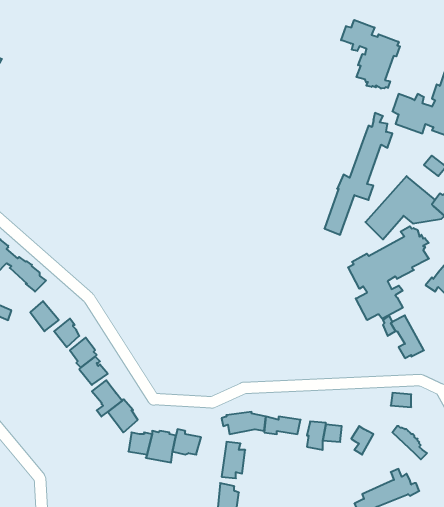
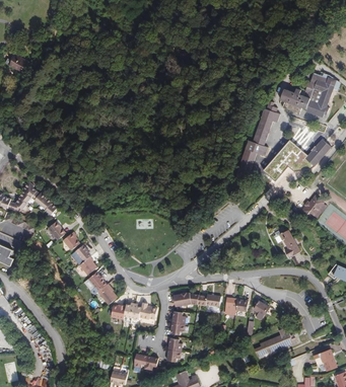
building: [341,20,400,89] -> none
building: [348,226,429,320] -> none

